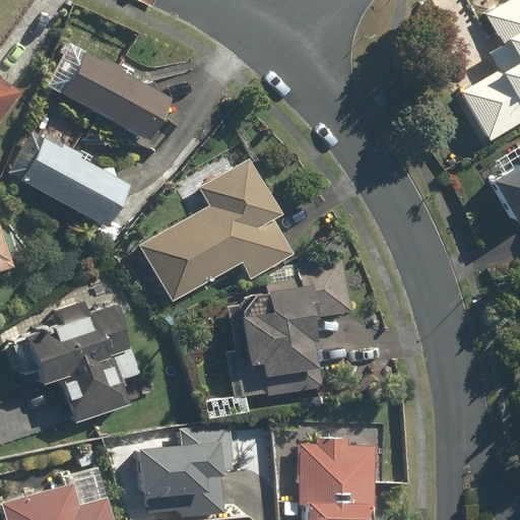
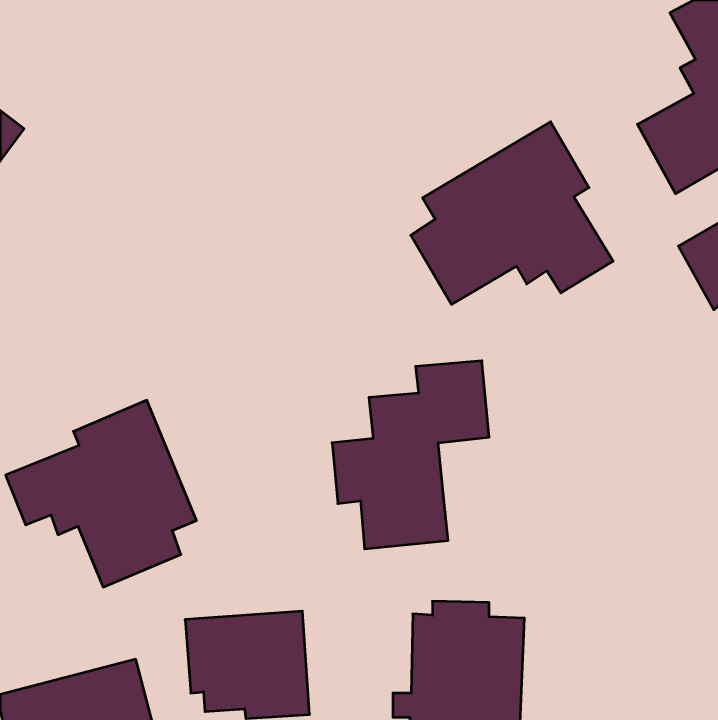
building: [48,44,171,140] -> none
building: none -> [411,122,613,304]
building: [21,138,131,226] -> none
building: [139,149,296,301] -> none

